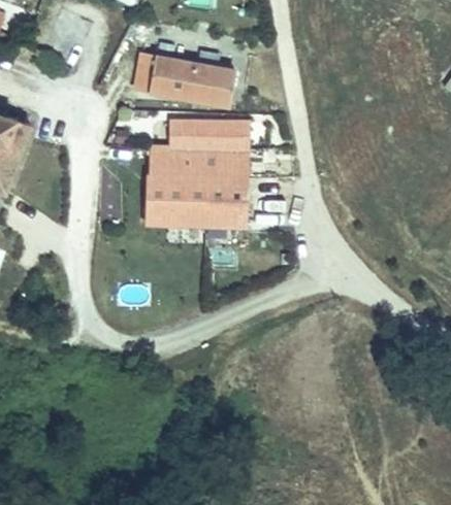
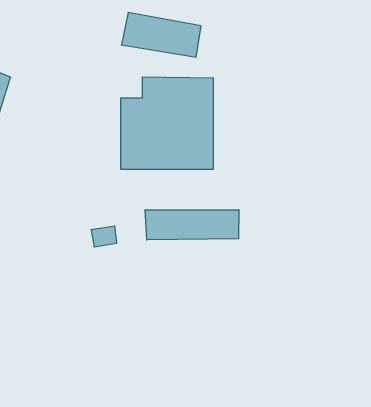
building: none -> [145,210,239,240]

